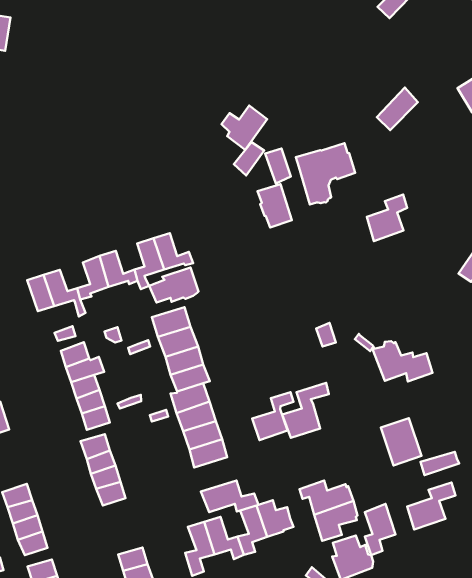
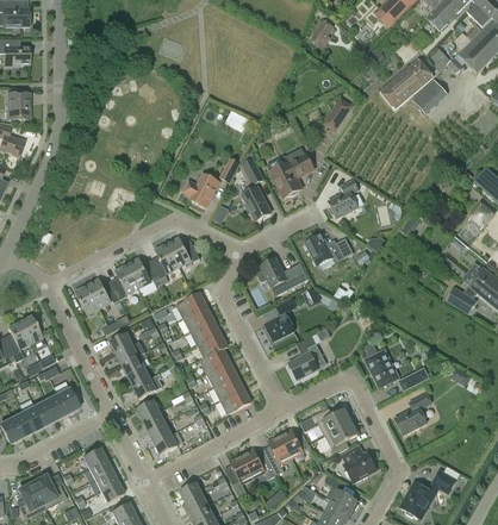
building: [221,105,267,150] -> [183,173,218,207]
building: [149,267,199,302] -> none
building: none -> [256,257,309,287]
building: [373,341,433,381] -> [304,233,353,264]
building: [252,392,294,440] -> [264,299,294,339]
building: [201,480,258,512] -> none
building: [365,504,396,555] -> none

